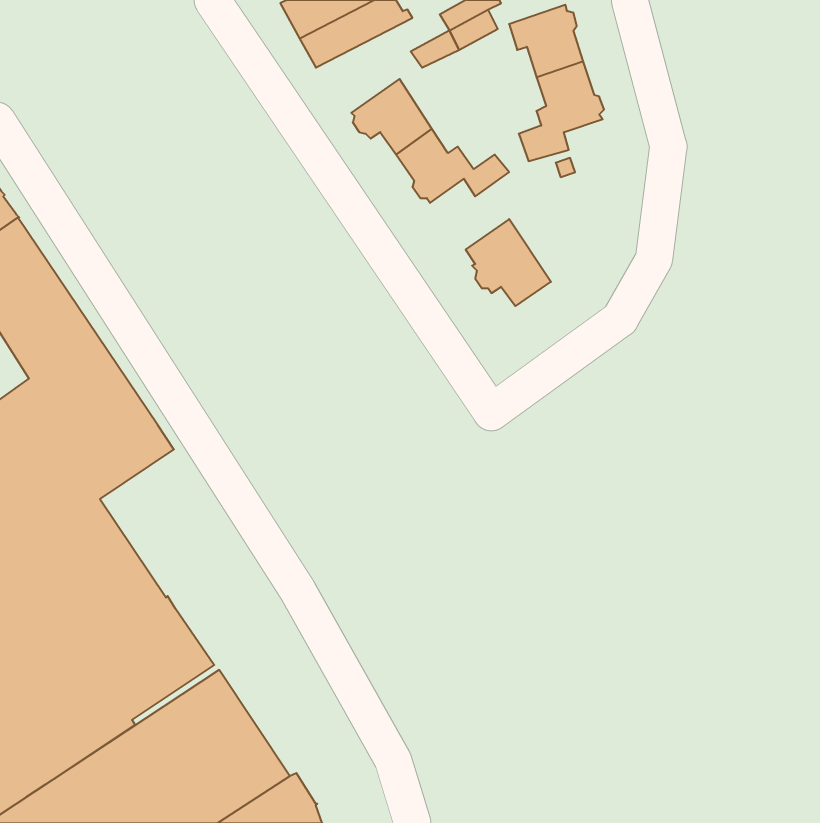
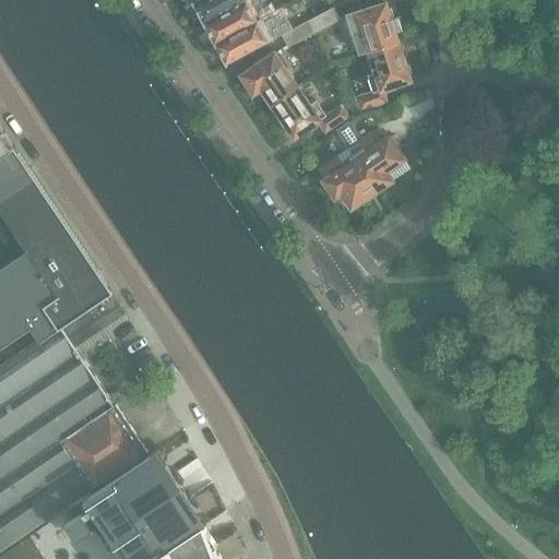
building: none -> [214,12,283,63]
building: none -> [334,120,407,192]

